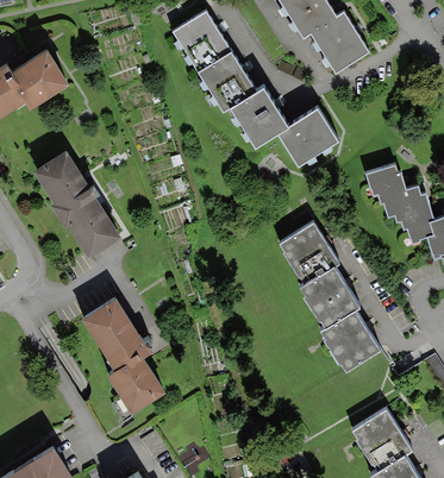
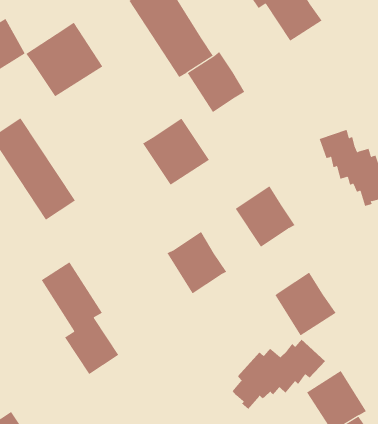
building: none -> [26,22,103,97]
building: [277,105,346,174] -> [142,118,210,186]
building: [298,263,359,327] -> [167,231,227,294]
building: none -> [232,339,326,410]

